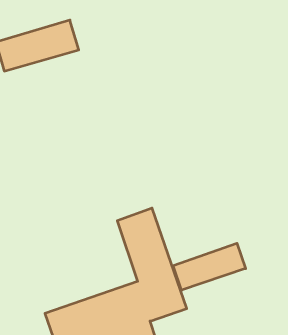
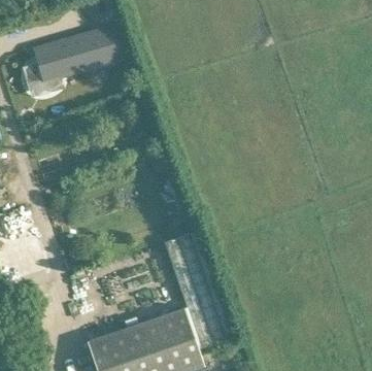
building: [173,243,246,290] -> none

